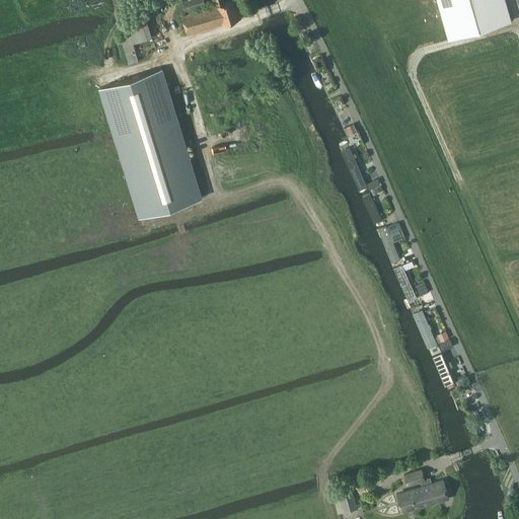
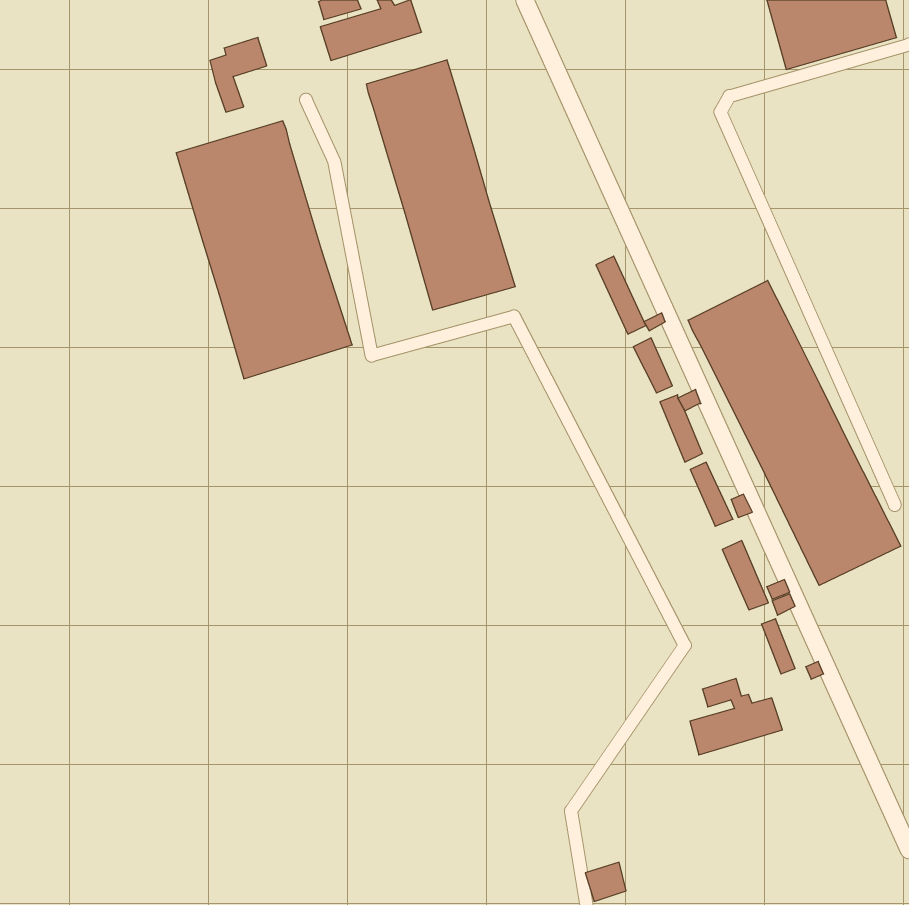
building: none -> [366,60,515,310]
building: none -> [688,280,901,585]
building: [396,470,449,514] -> [690,678,782,755]

